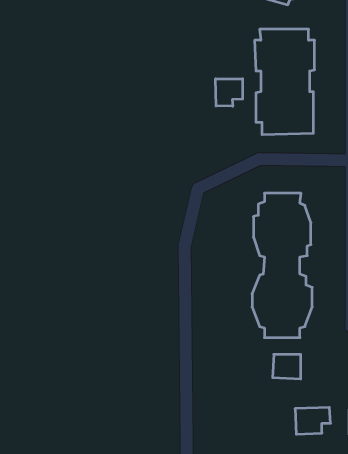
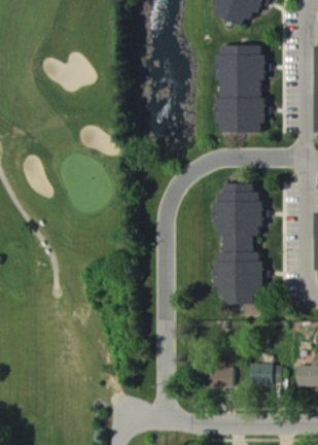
building: [216,79,243,106] -> none
building: [273,354,301,379] -> [207,367,231,387]

